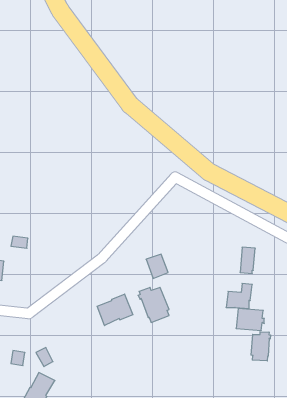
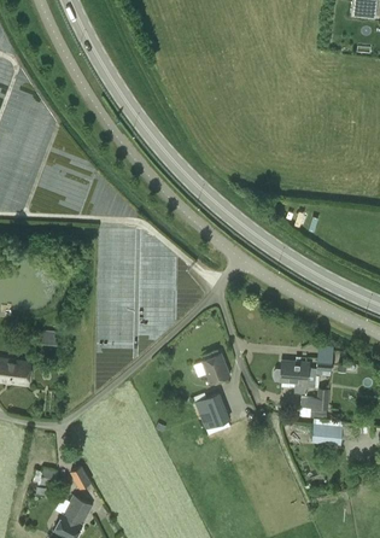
building: none -> [273,361,308,393]
building: [97,294,133,326] -> none
building: [251,332,271,361] -> none

